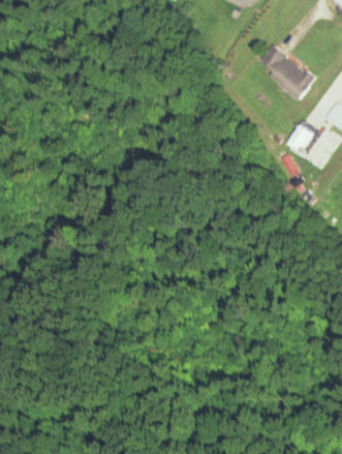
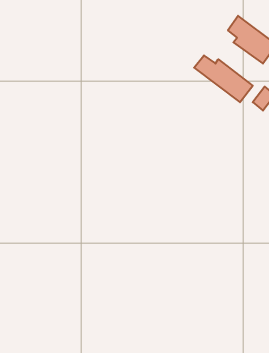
building: none -> [194,55,253,102]

